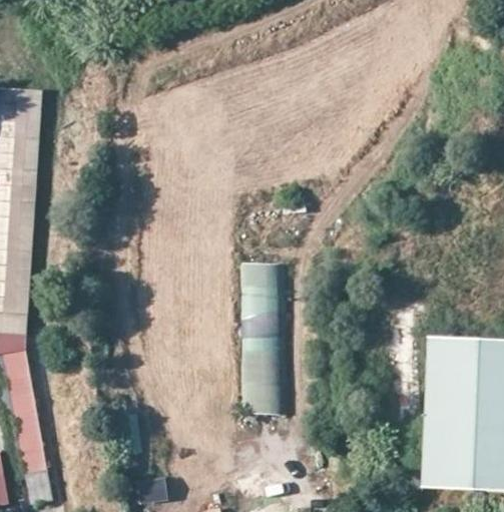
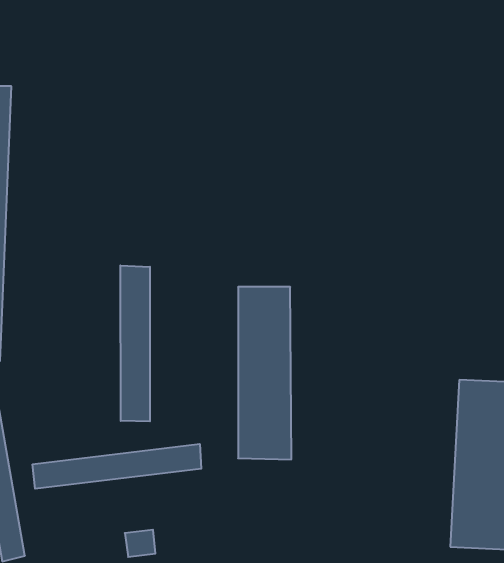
building: none -> [120,265,150,421]
building: none -> [33,444,201,489]

